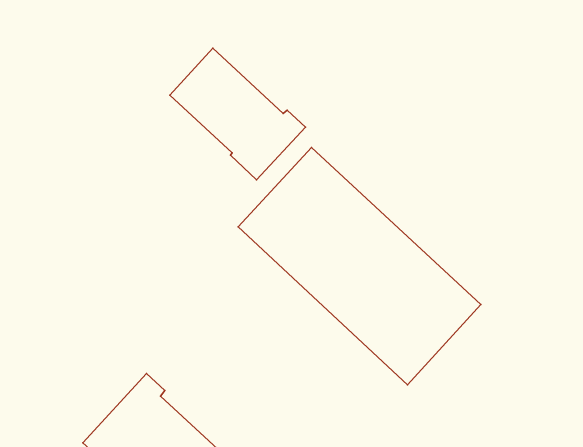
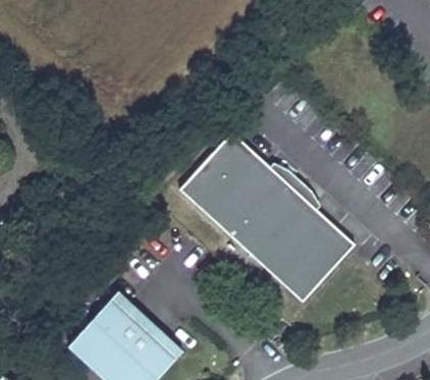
building: [170,48,306,180] -> none

